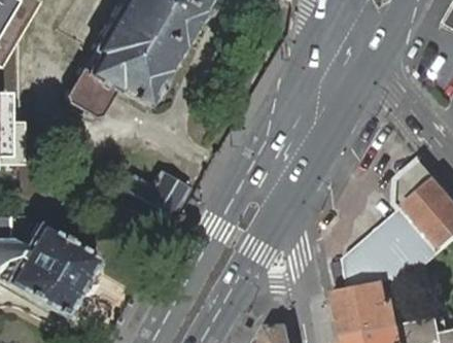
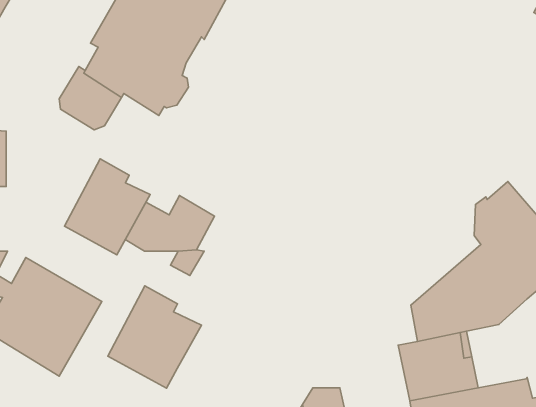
building: none -> [65,159,150,255]
building: none -> [108,286,201,388]

